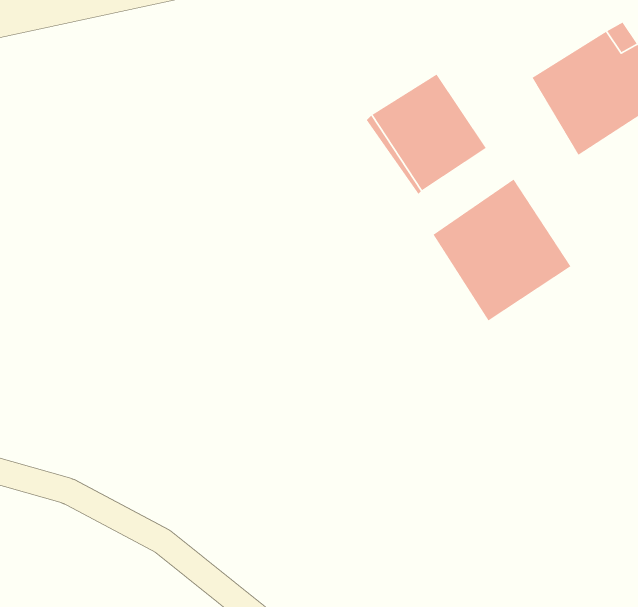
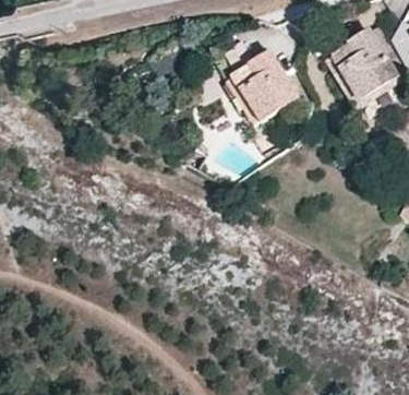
building: [432,179,572,322] -> none

